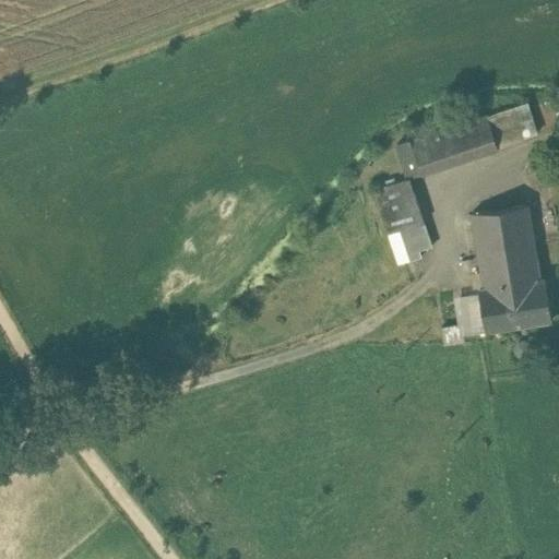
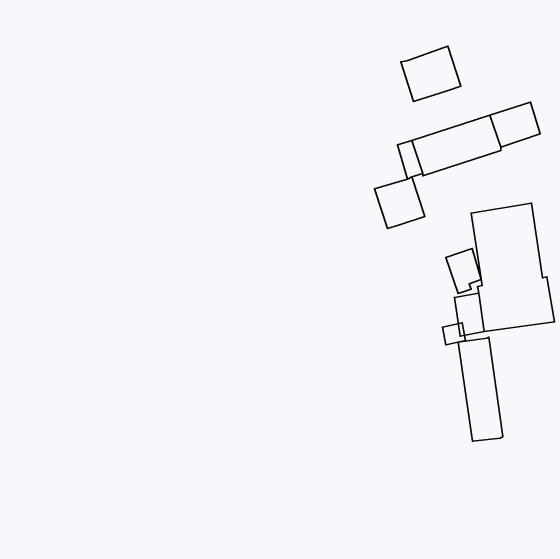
building: none -> [401,46,461,102]
building: [397,217,432,262] -> [446,249,481,294]
building: none -> [458,337,503,441]

